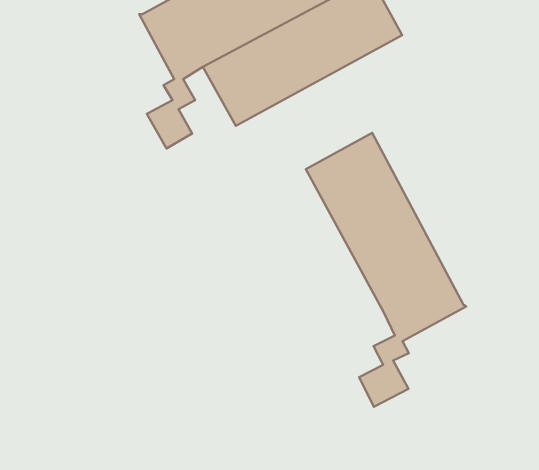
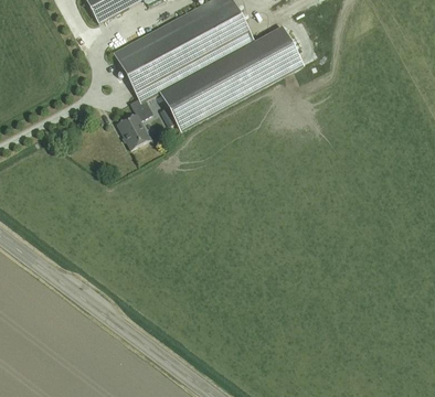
building: [306,133,466,407] -> none

